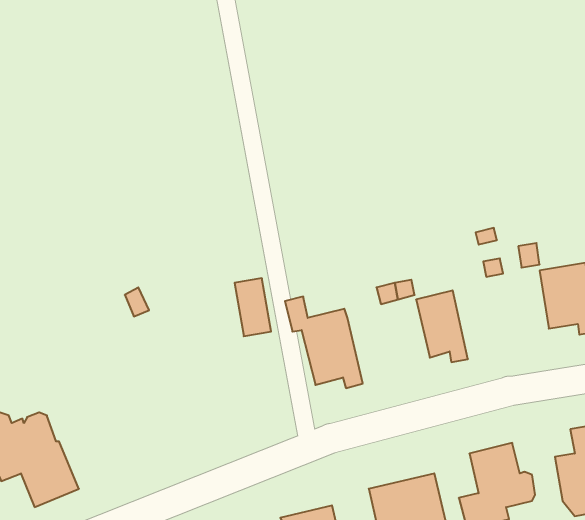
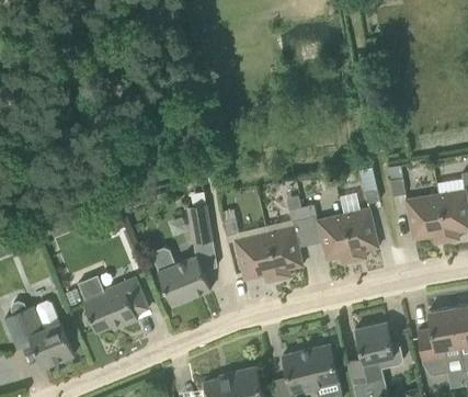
building: none -> [343,207,378,262]
building: none -> [267,227,303,280]
building: none -> [151,247,210,306]
building: none -> [78,275,148,332]

